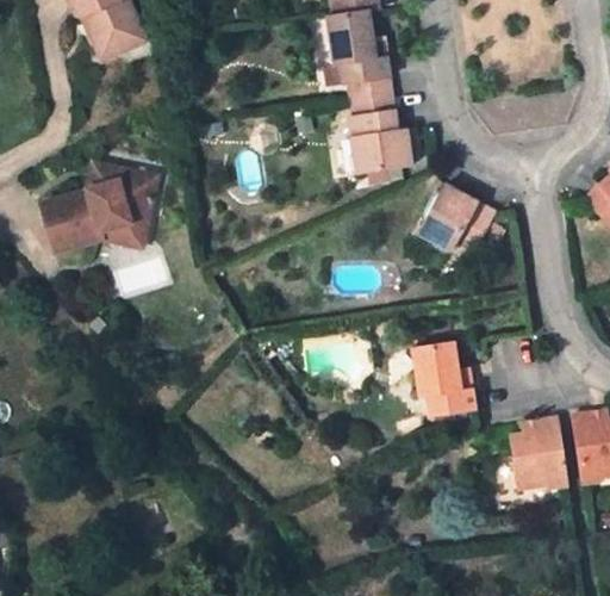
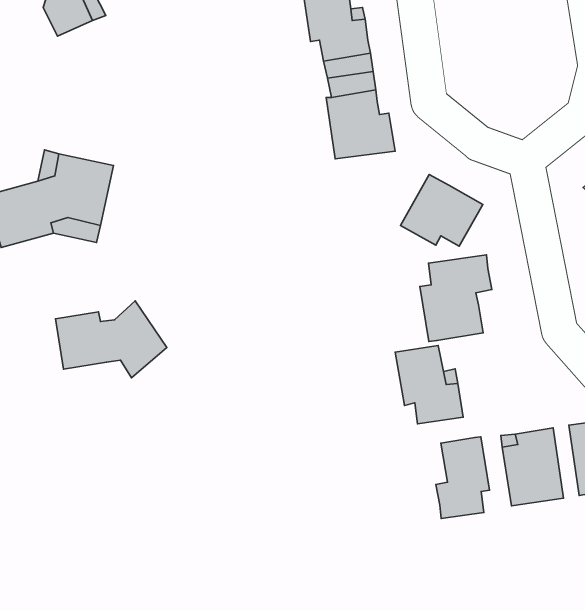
building: none -> [420,255,492,341]
building: none -> [55,301,167,378]
building: none -> [436,437,489,518]

